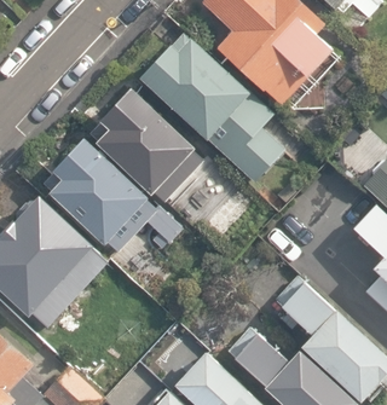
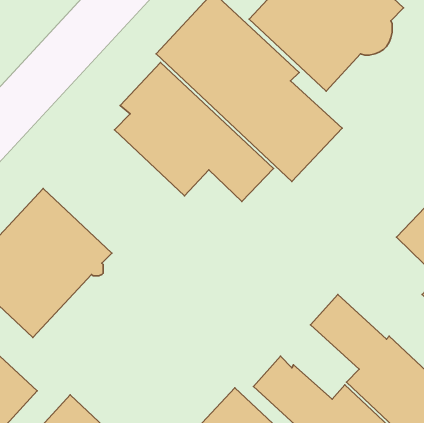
building: [53,132,184,254] -> none

